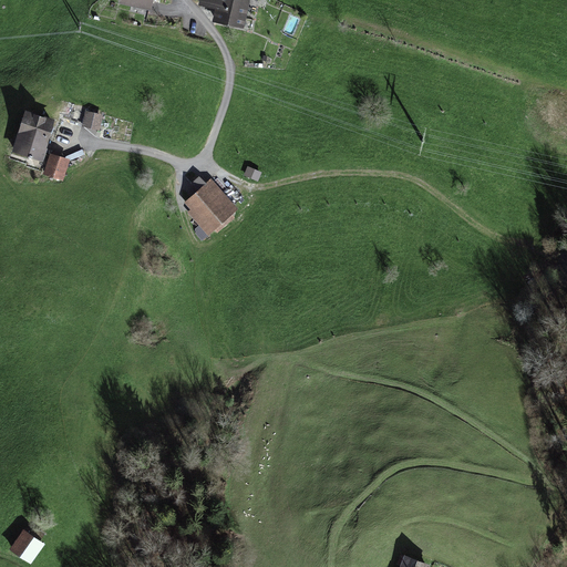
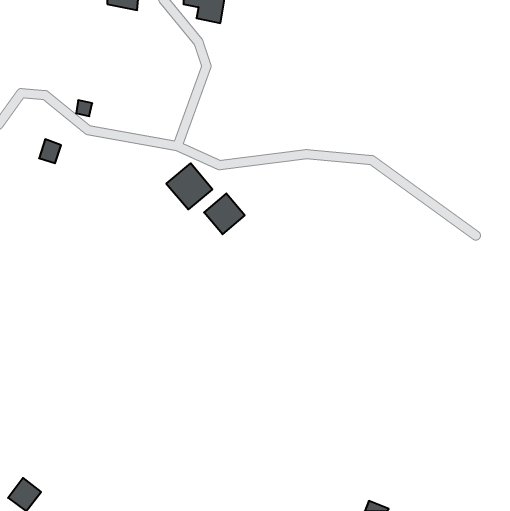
building: [13,109,54,159] -> none
building: none -> [204,193,245,234]

